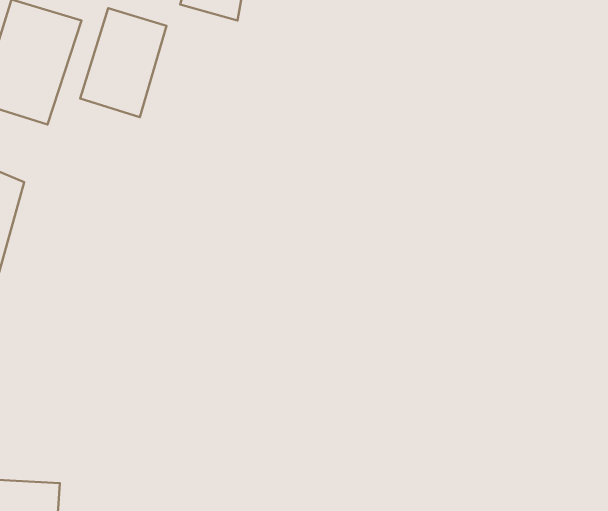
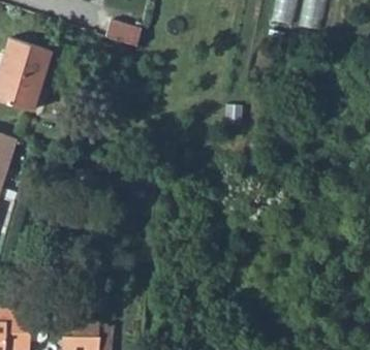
building: [80,8,167,117] -> none

